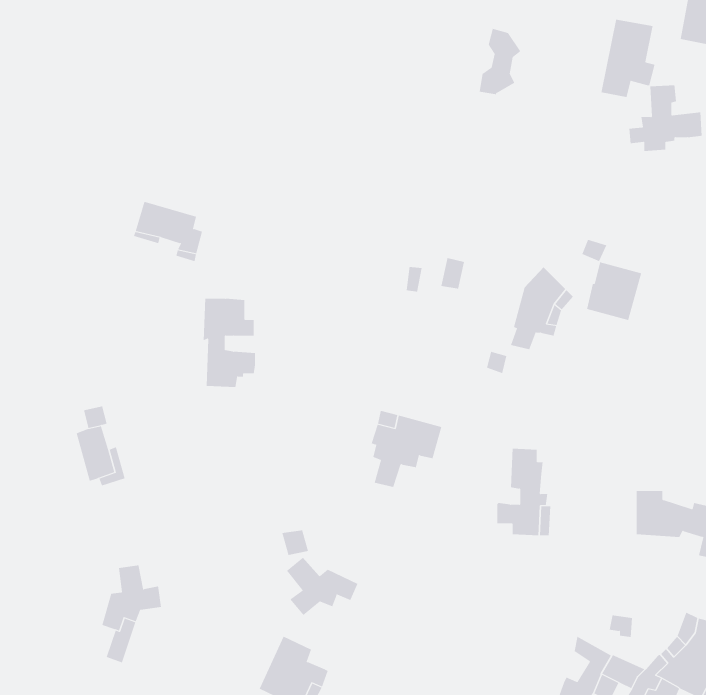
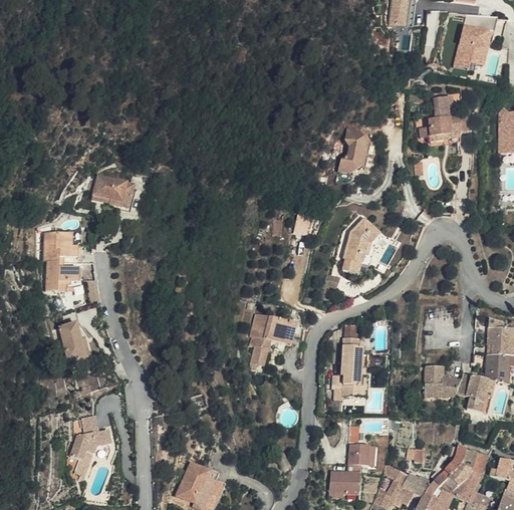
building: [601,19,655,98] -> none
building: [479,28,521,95] -> [339,129,367,173]
building: [586,262,642,321] -> none
building: [203,298,256,388] -> [44,230,79,289]
building: [286,557,358,616] -> none
building: none -> [328,444,370,495]

